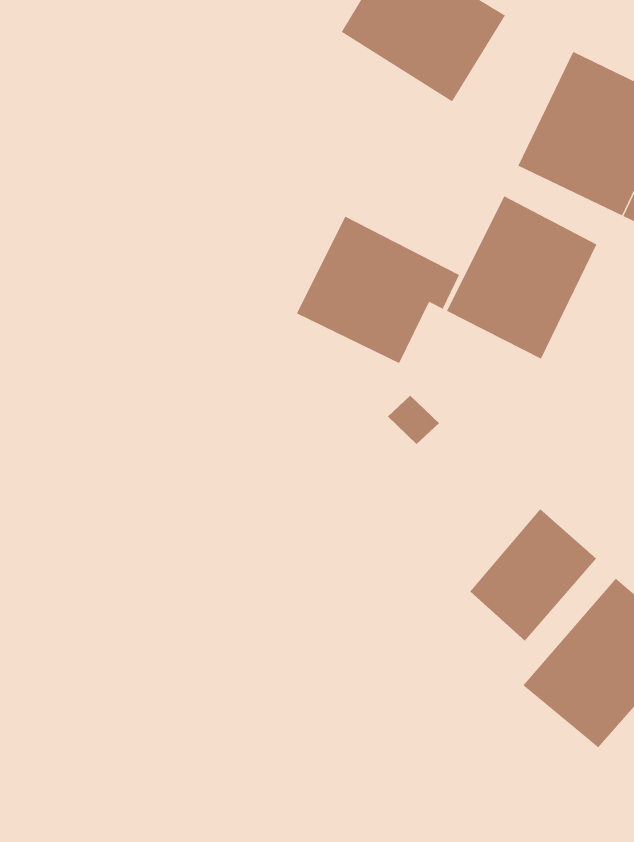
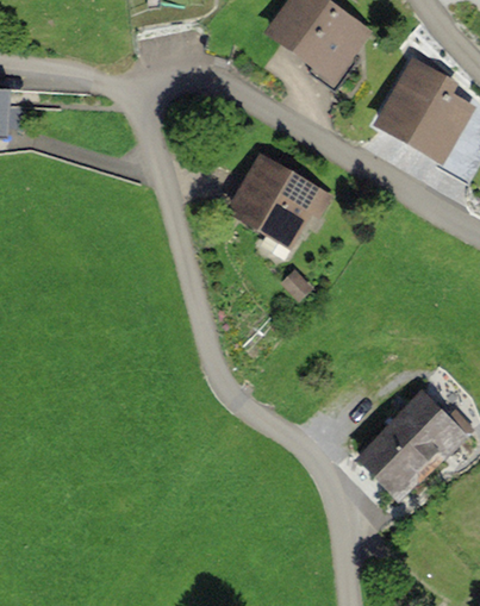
building: [446,195,597,359] -> none
building: [470,509,597,642] -> none

